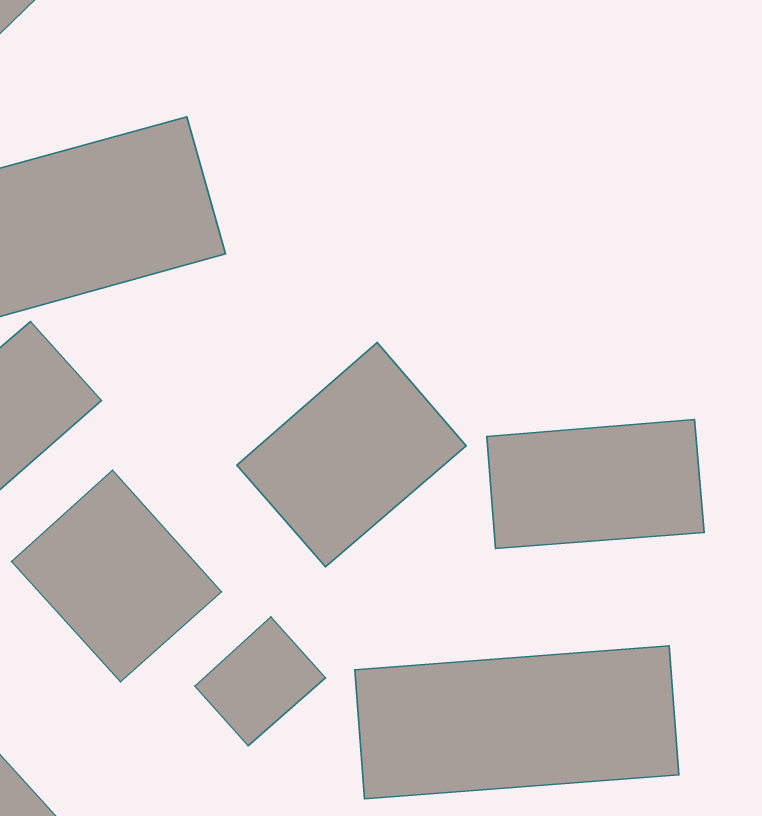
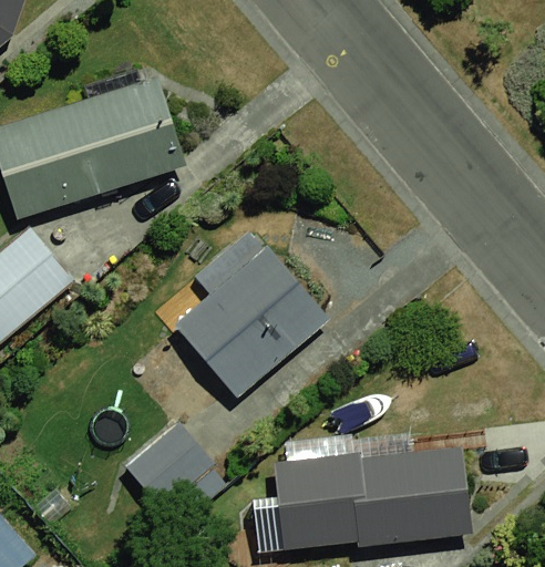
building: [487,420,704,548] -> none
building: [11,470,221,682] -> none

